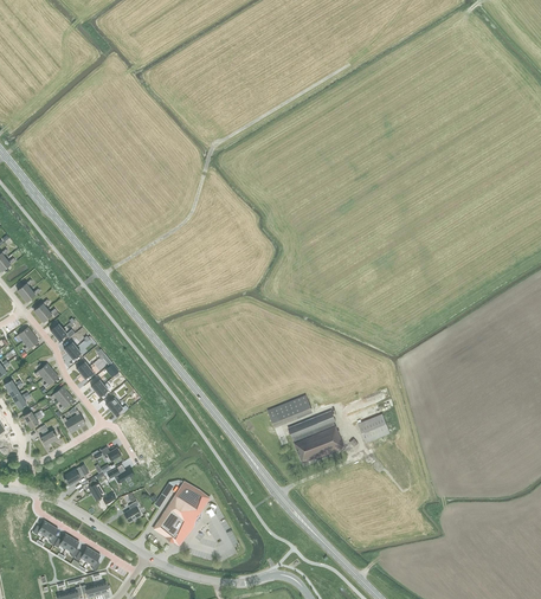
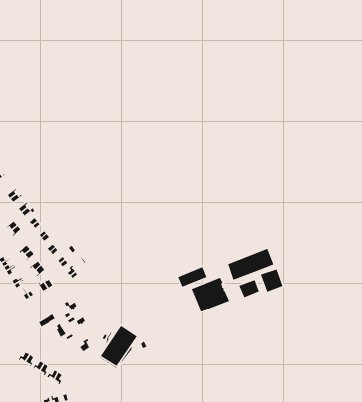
building: none -> [227,248,274,281]
building: none -> [260,269,283,293]

